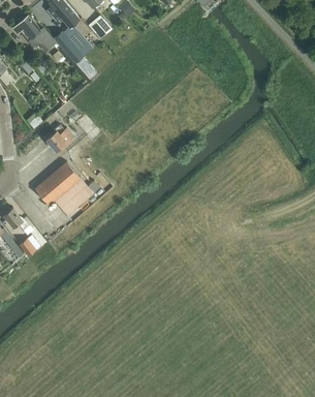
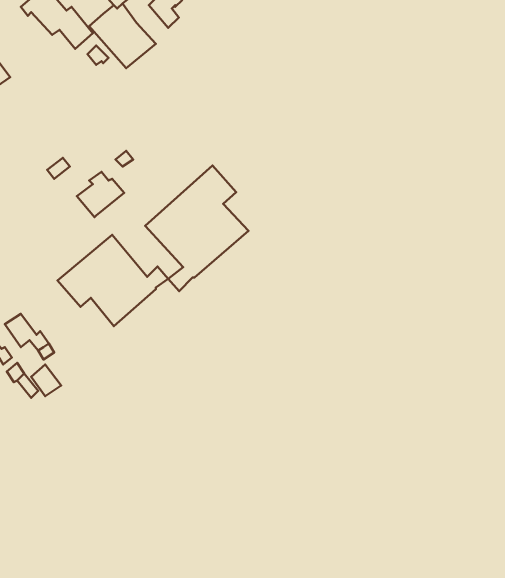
building: none -> [145,165,249,291]

